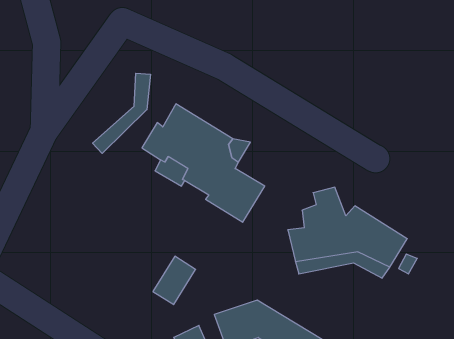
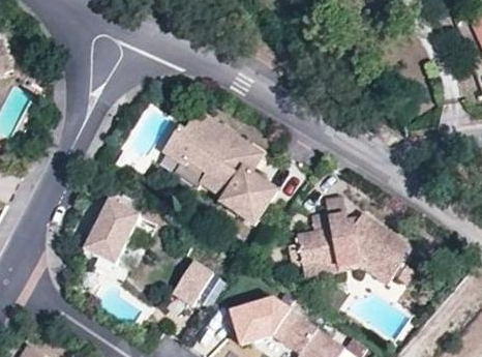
building: [93,73,150,153] -> none
building: none -> [82,199,153,270]

